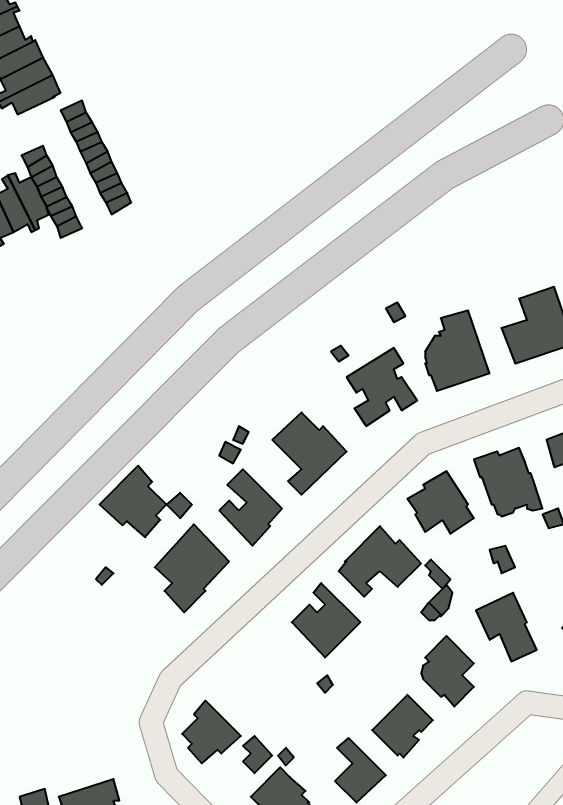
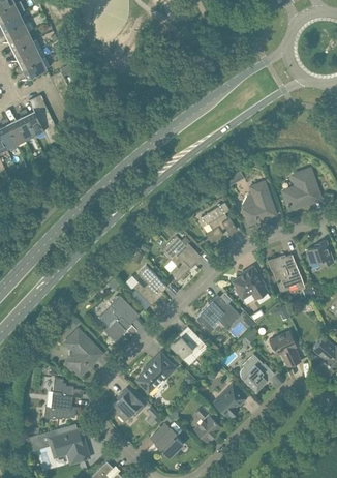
building: [100,466,166,537] -> none
building: none -> [64,329,102,376]
building: none -> [135,353,176,392]
building: none -> [43,378,76,420]

